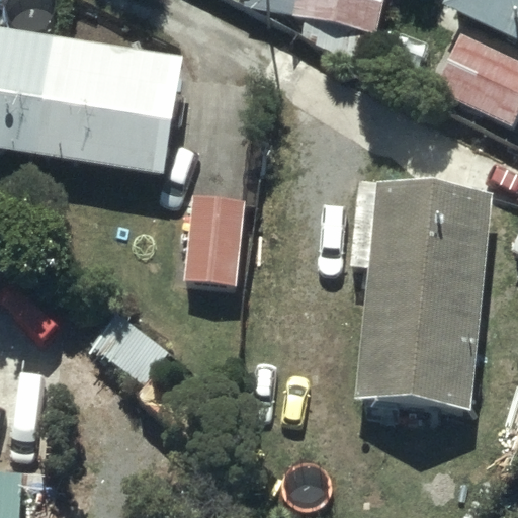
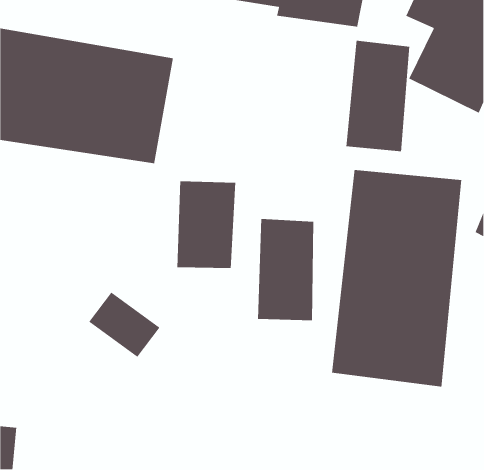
building: none -> [345,40,410,152]
building: none -> [257,218,314,321]

